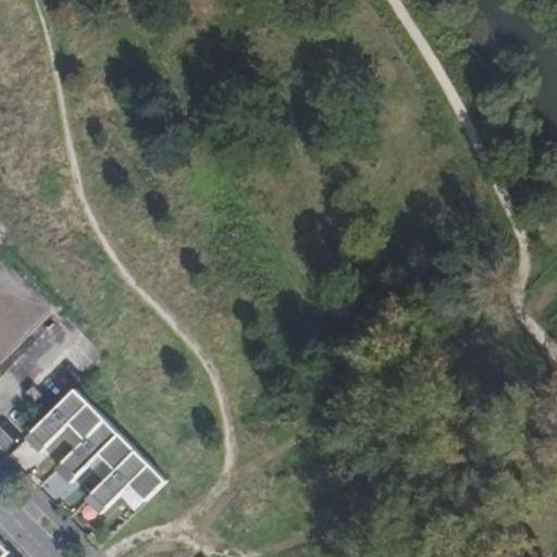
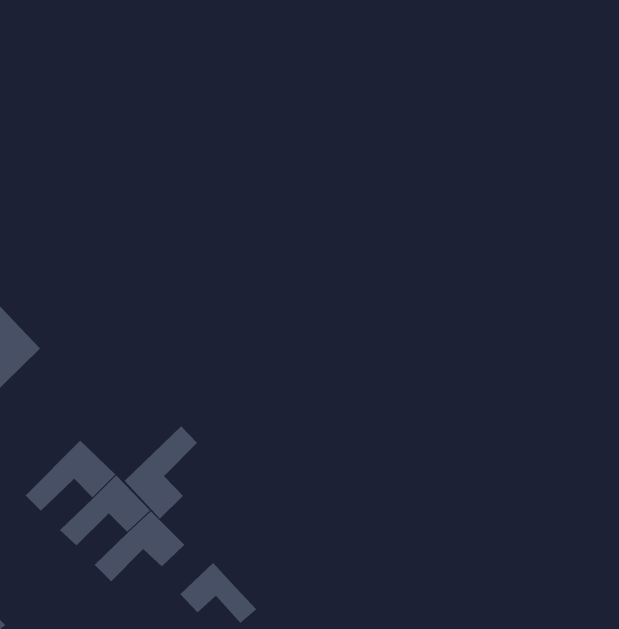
building: none -> [124,425,198,519]
building: none -> [179,562,257,624]

